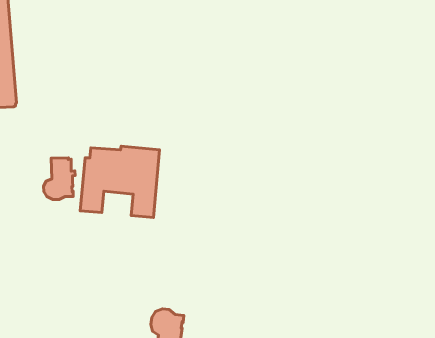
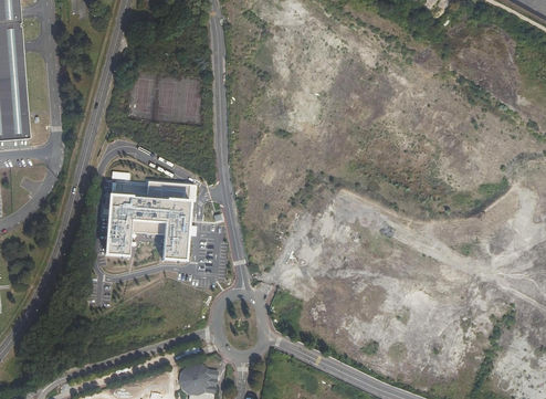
building: [44,158,75,199] -> none

